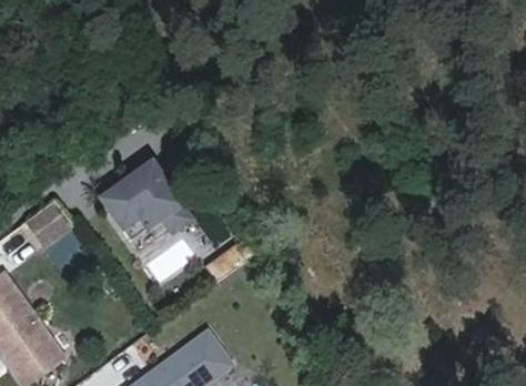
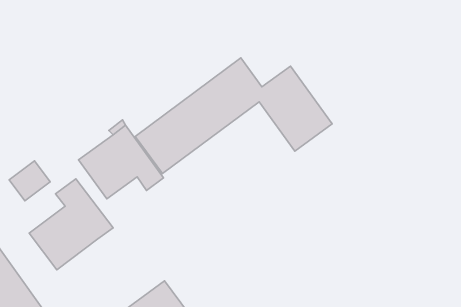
building: none -> [135,58,332,173]
building: none -> [29,179,113,270]

